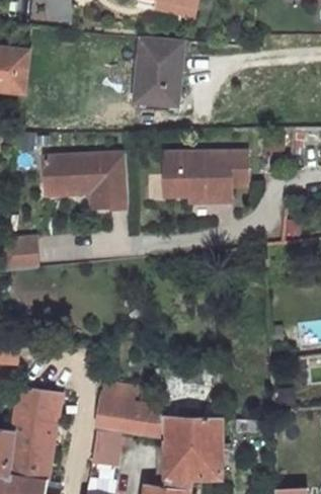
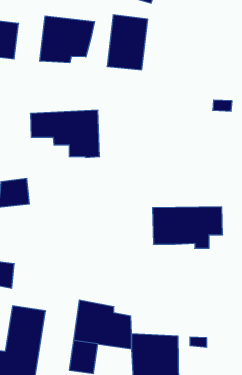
building: none -> [40,16,95,63]
building: [160,150,244,199] -> [153,207,223,248]

